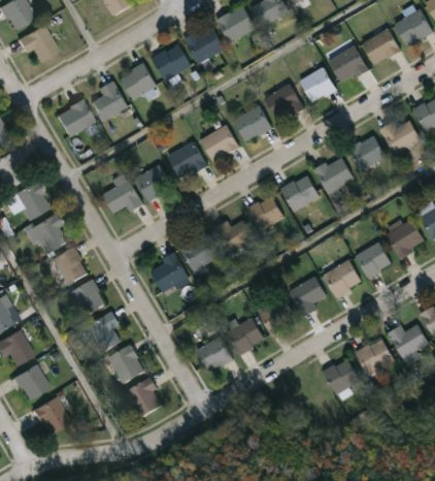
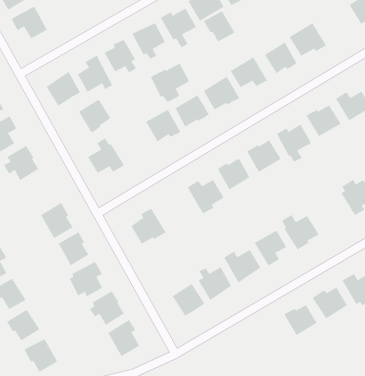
building: [362,28,401,65] -> none
building: none -> [203,10,235,42]
building: none -> [150,63,190,103]
building: [134,164,171,202] -> [78,99,111,133]
building: [29,215,66,256] -> none
building: [179,235,220,276] -> none
building: [355,242,392,279] -> none

